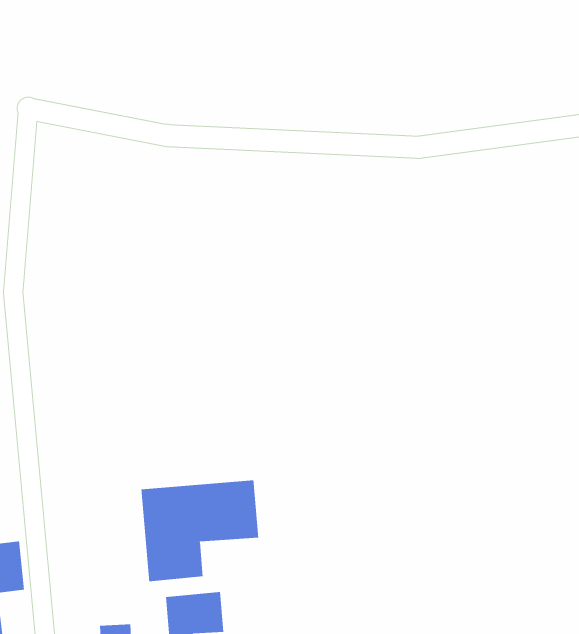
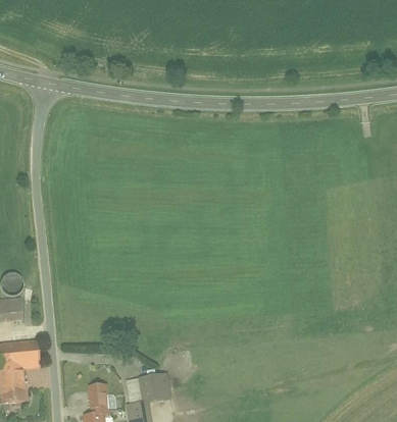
building: [141,479,259,582] -> none

